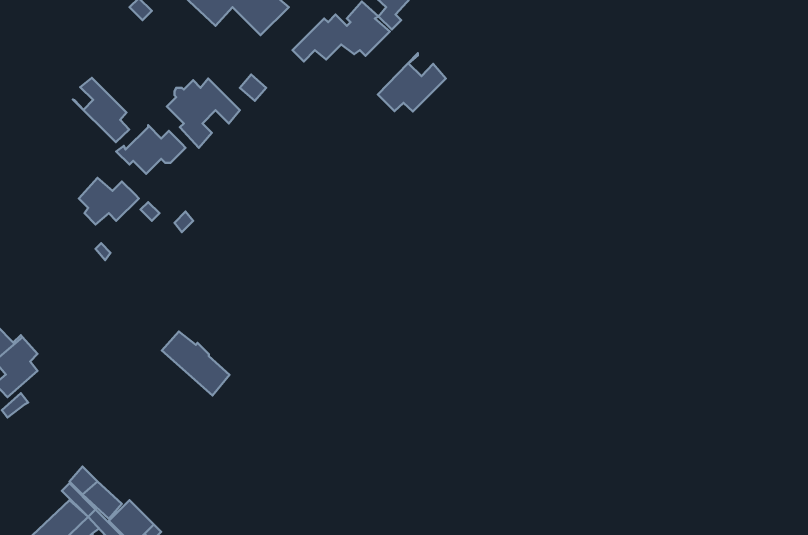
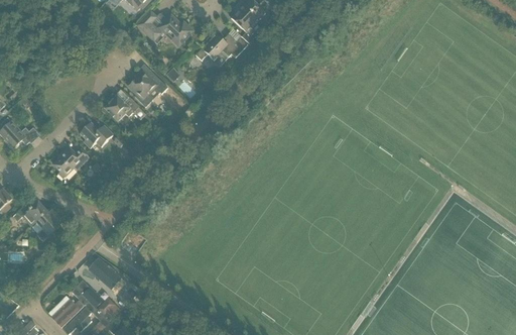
building: [378,53,446,111] -> none
building: [73,78,129,142] -> none
building: none -> [51,144,88,177]
building: [162,332,229,395] -> [89,257,125,292]

